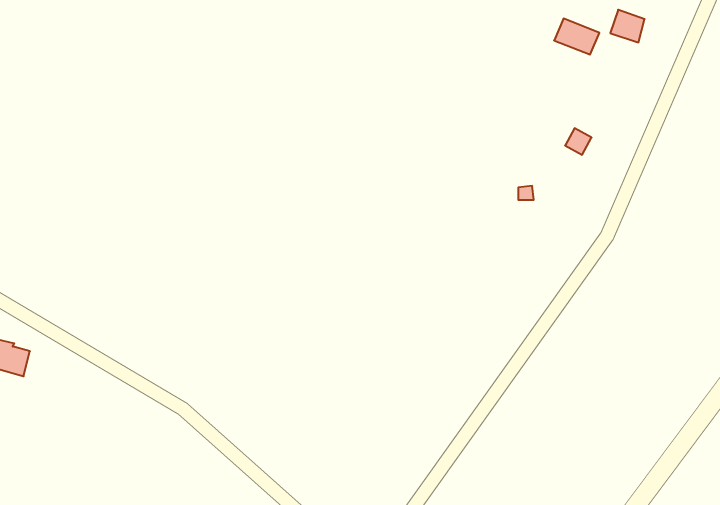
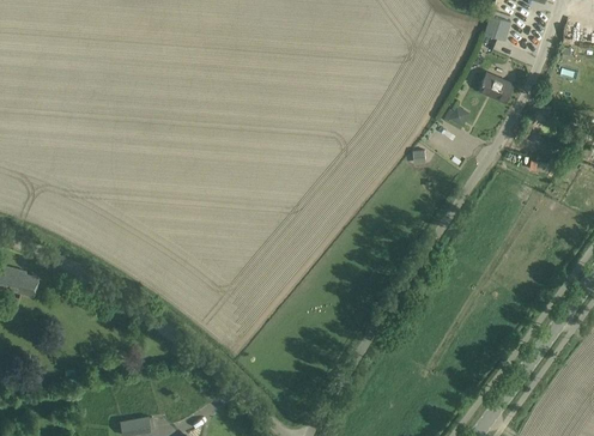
building: [554,19,599,55] -> [479,73,514,101]

